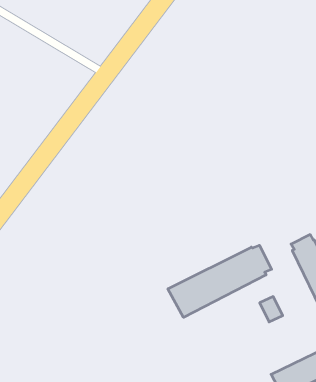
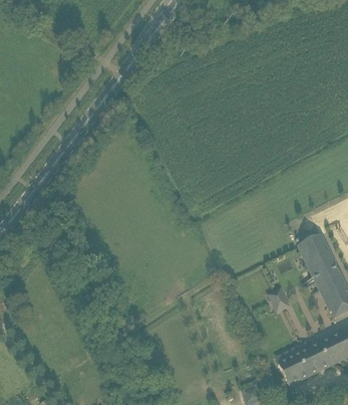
building: [168,245,272,317] -> none

